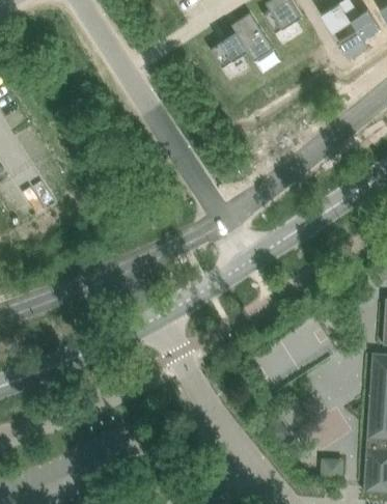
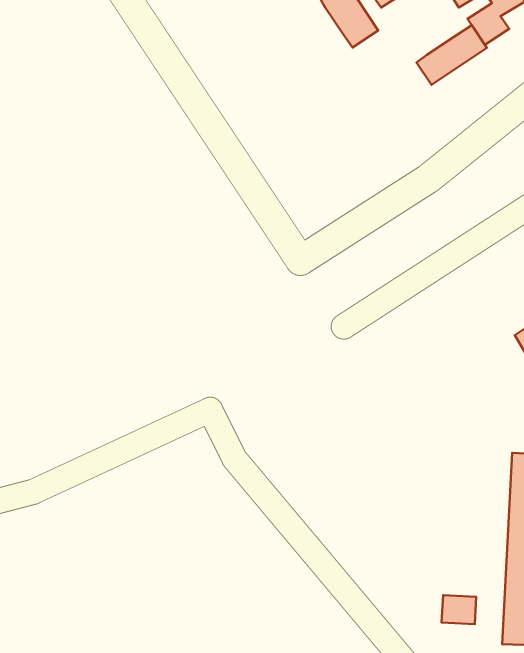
building: [211,32,249,67] -> none
building: none -> [417,25,487,85]

